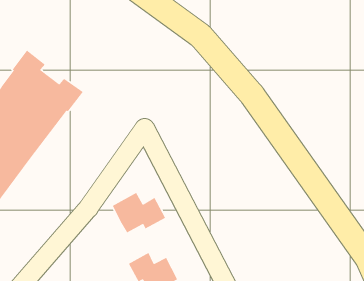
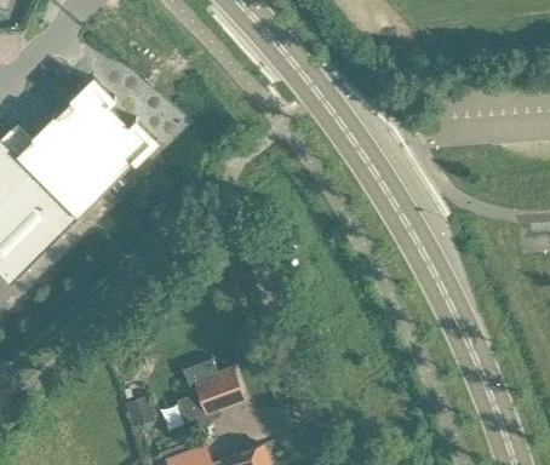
building: [112,192,166,234] -> none

